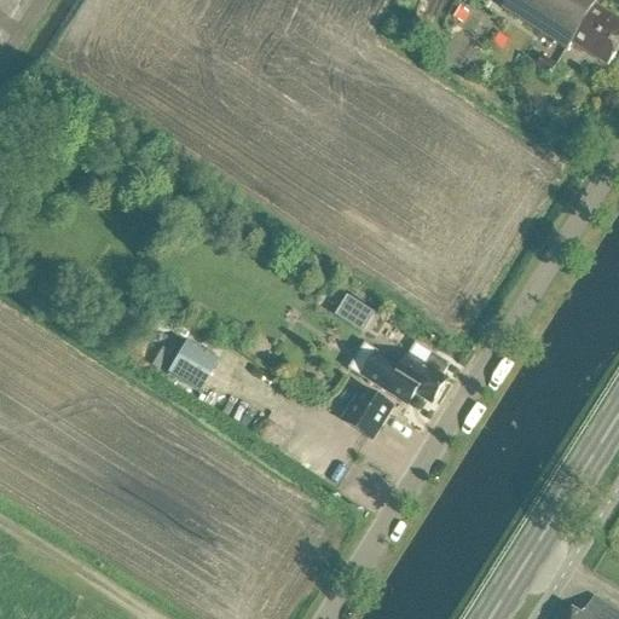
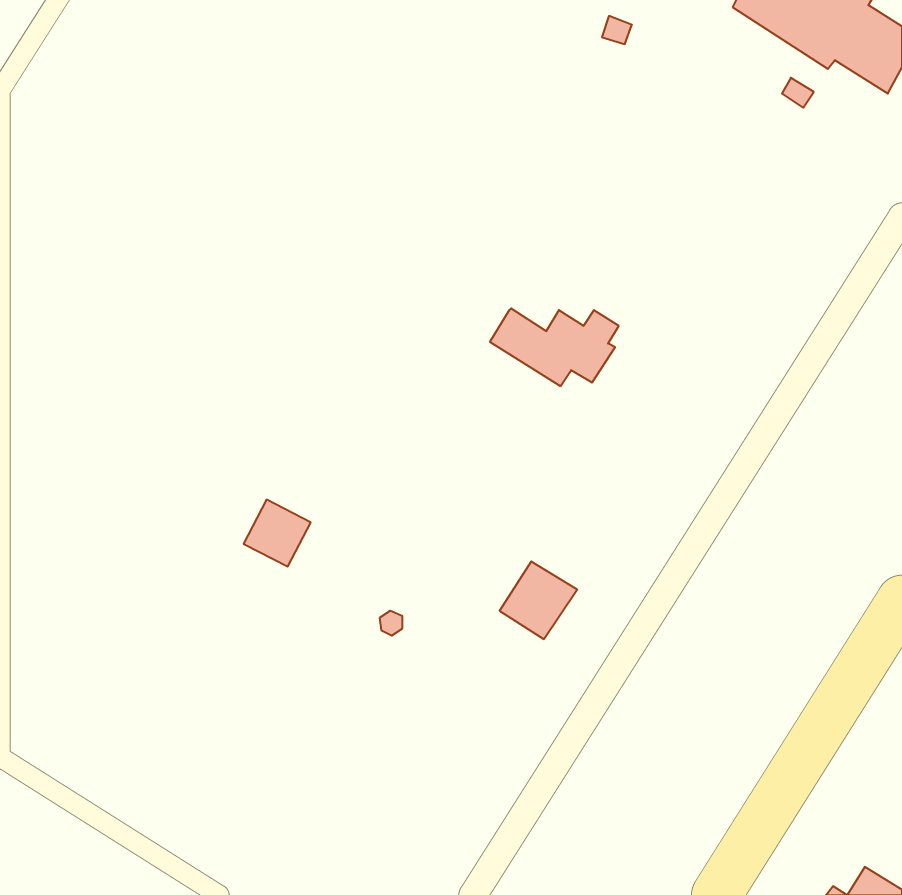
building: [331,290,371,326] -> none
building: [361,349,450,403] -> [490,308,619,386]

